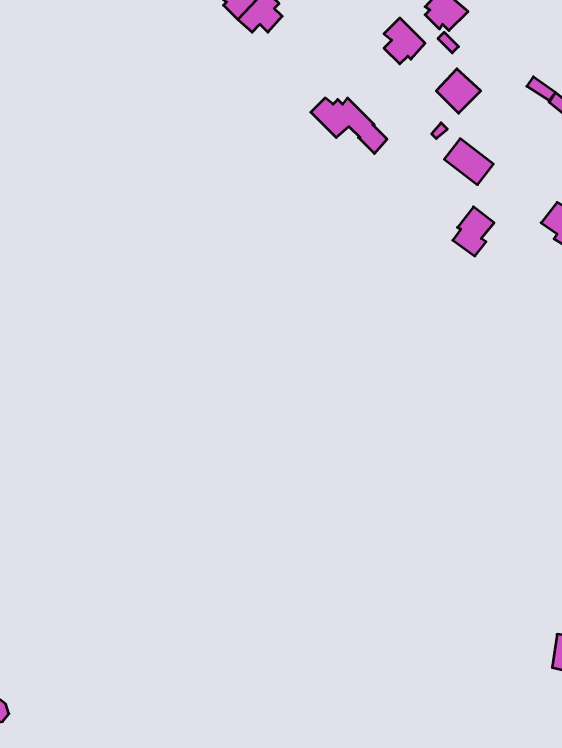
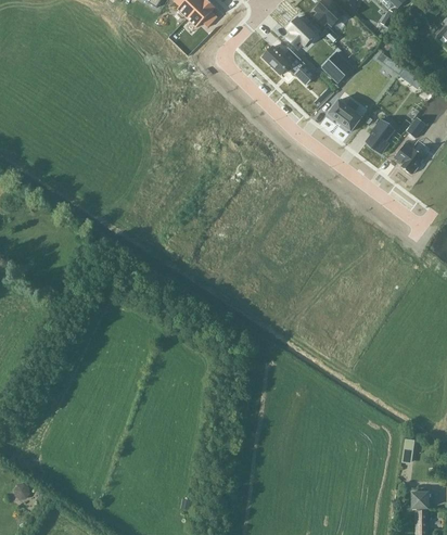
building: [311,98,387,154] -> [264,46,316,84]
building: [453,207,494,256] -> [362,115,391,149]

